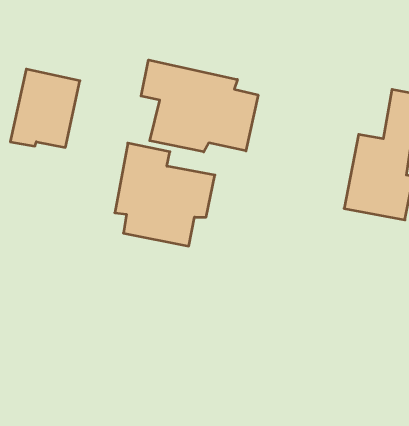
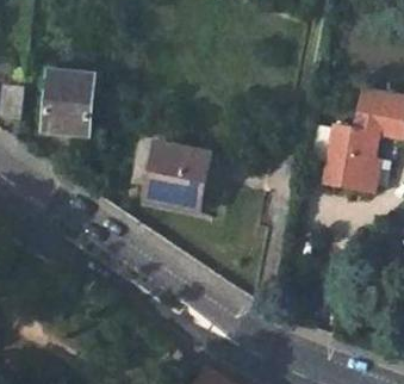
building: [141,60,258,152] -> none

